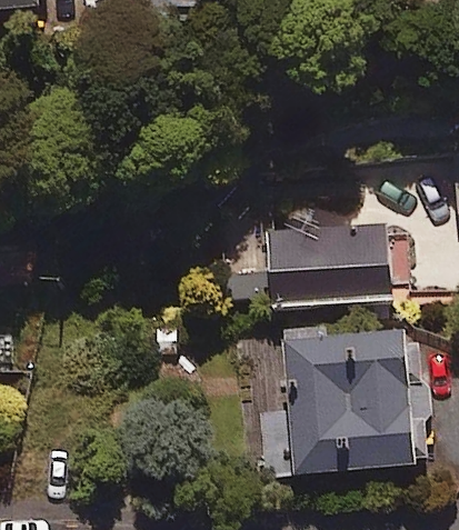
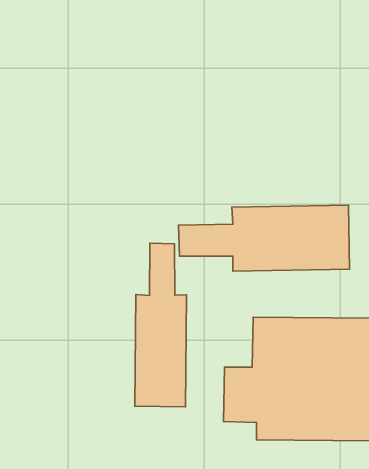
building: none -> [135,243,187,407]

